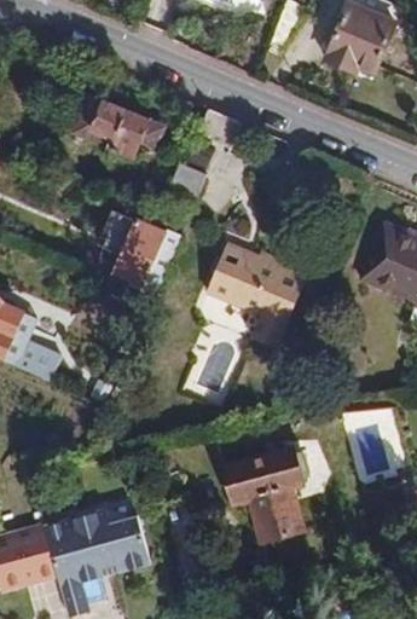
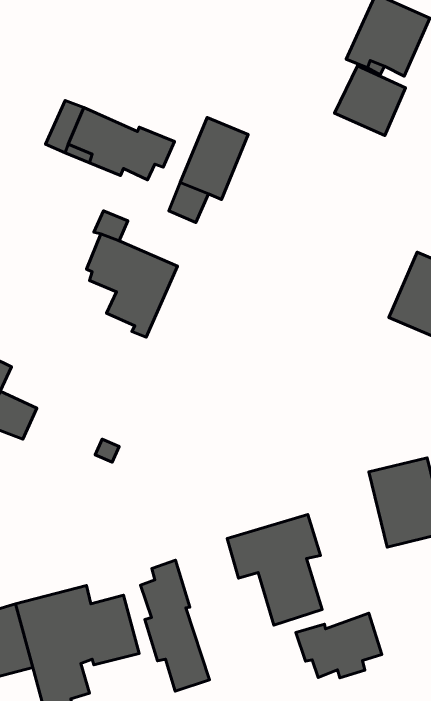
building: none -> [334,66,405,136]
building: [205,231,306,342] -> none
building: none -> [140,560,209,691]
building: none -> [296,613,382,678]

